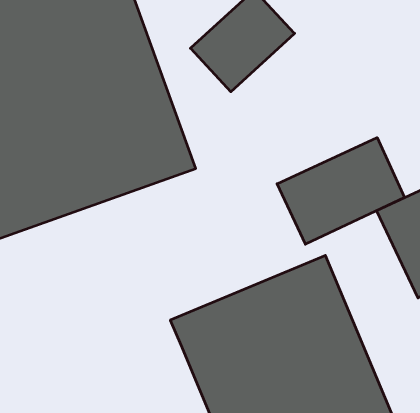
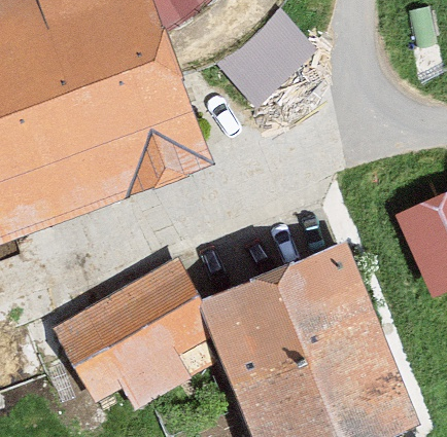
building: [277,138,405,244] -> none
building: none -> [50,262,208,403]

